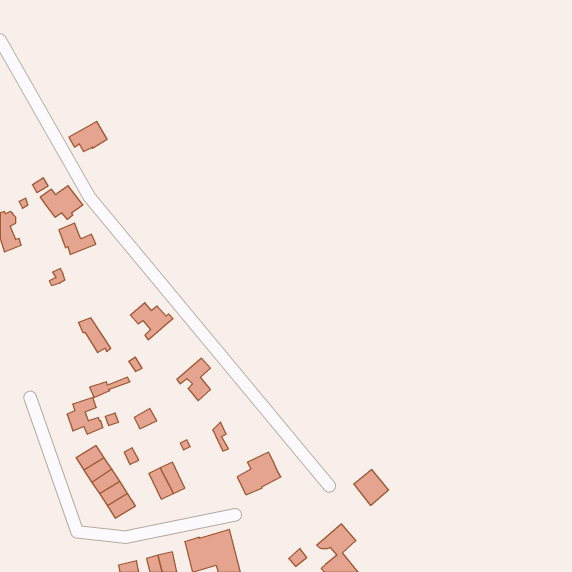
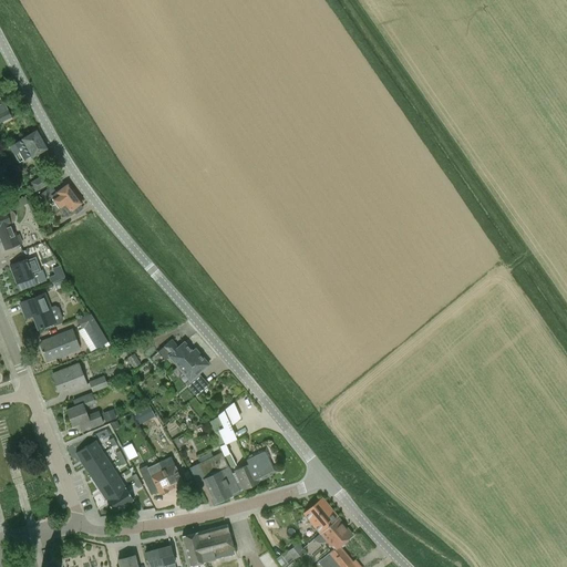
building: [69,121,107,152] -> [9,131,47,161]
building: [59,223,96,254] -> [10,259,47,290]
building: none -> [19,293,63,329]
building: [130,303,173,340] -> [157,339,199,375]
building: none -> [41,330,79,361]
building: none -> [52,364,86,392]
building: none -> [188,452,239,504]
building: [354,470,389,505] -> [303,498,338,534]

